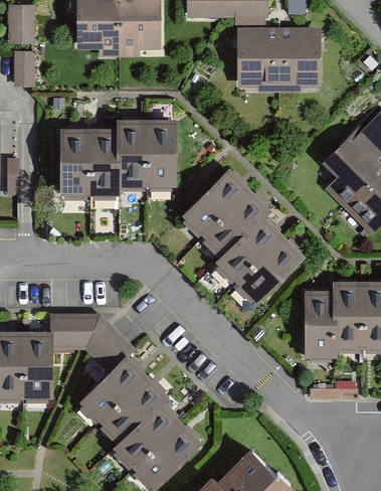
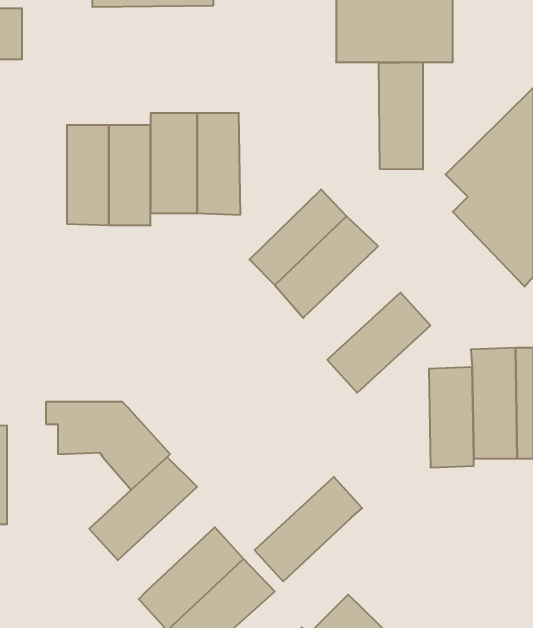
building: none -> [379,62,423,170]
building: [215,218,287,288] -> none
building: [22,332,53,398] -> none
building: [97,373,169,444] -> [255,477,362,581]

